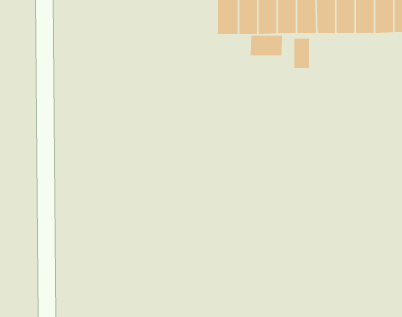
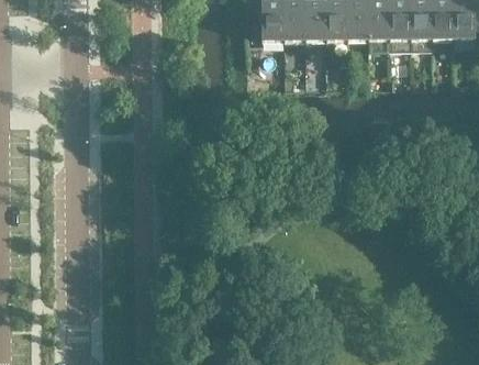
building: [250,35,283,56] -> none
building: [293,38,310,69] -> none

